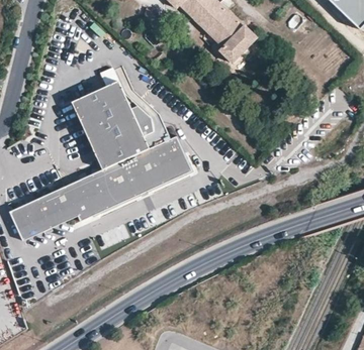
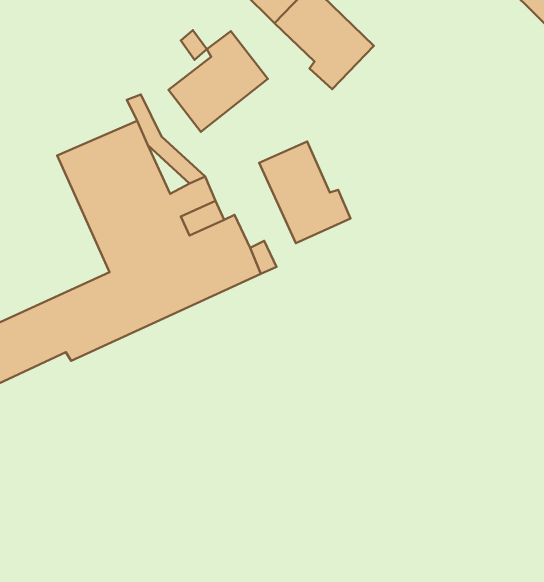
building: none -> [168,31,268,132]
building: none -> [259,142,350,243]

